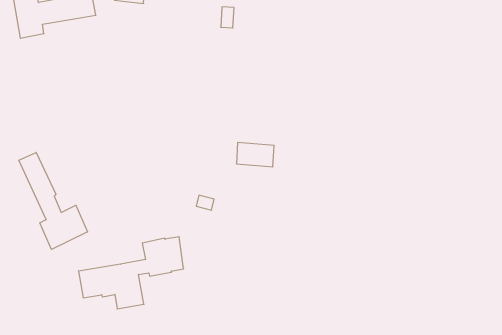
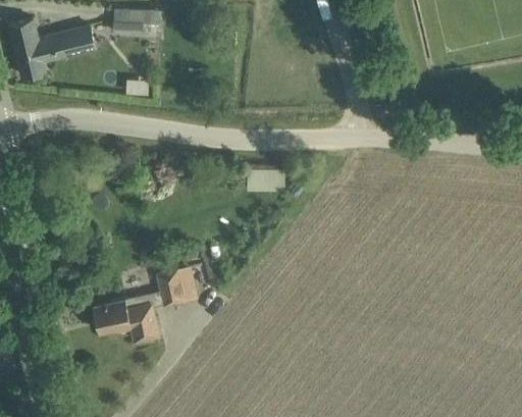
building: [19,152,88,249] -> none

